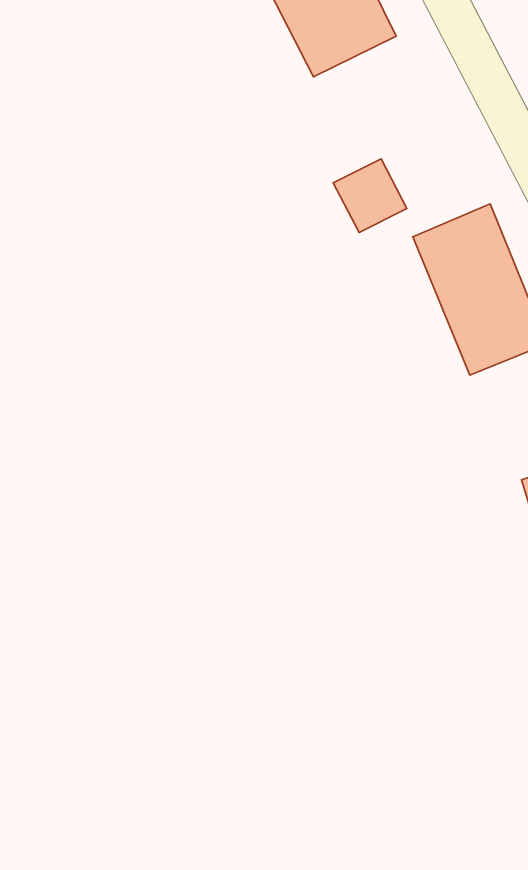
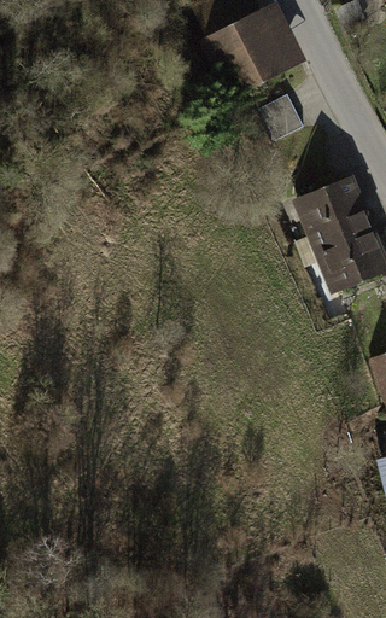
building: [333,159,407,232] -> [256,93,304,141]

